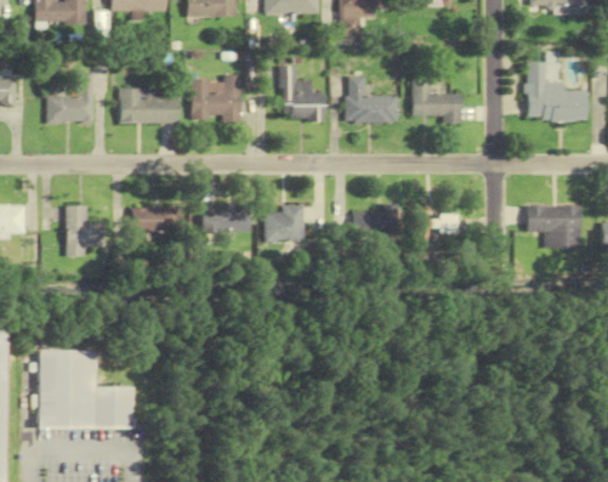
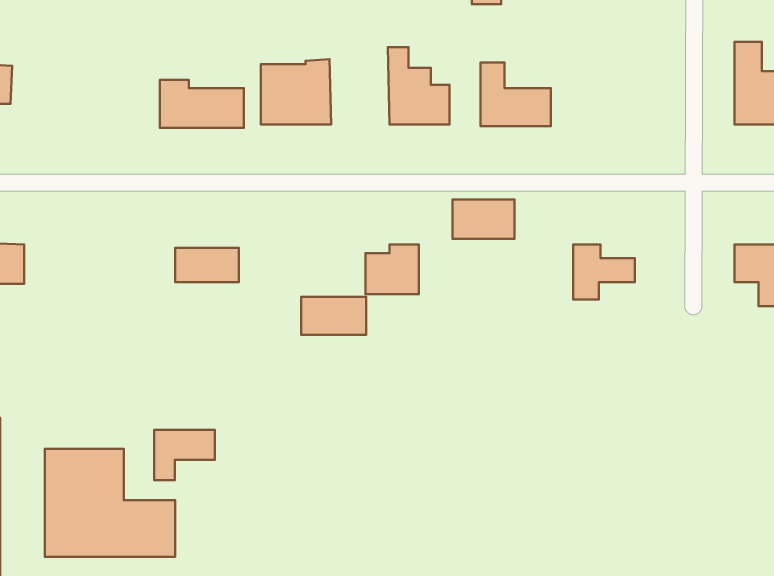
building: [47,72,93,121] -> none
building: [413,74,464,121] -> none
building: [67,205,103,256] -> none
building: [203,205,249,232] -> [301,297,366,335]
building: [353,210,397,238] -> [453,199,514,239]
building: none -> [154,430,215,480]

